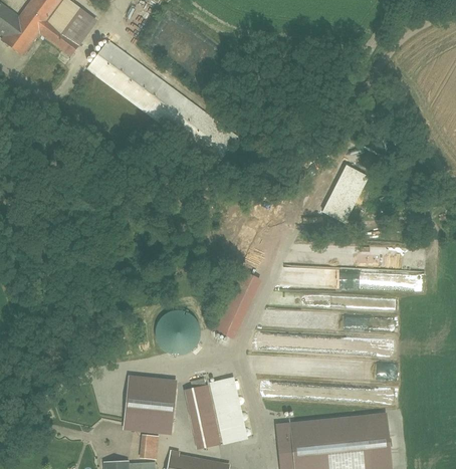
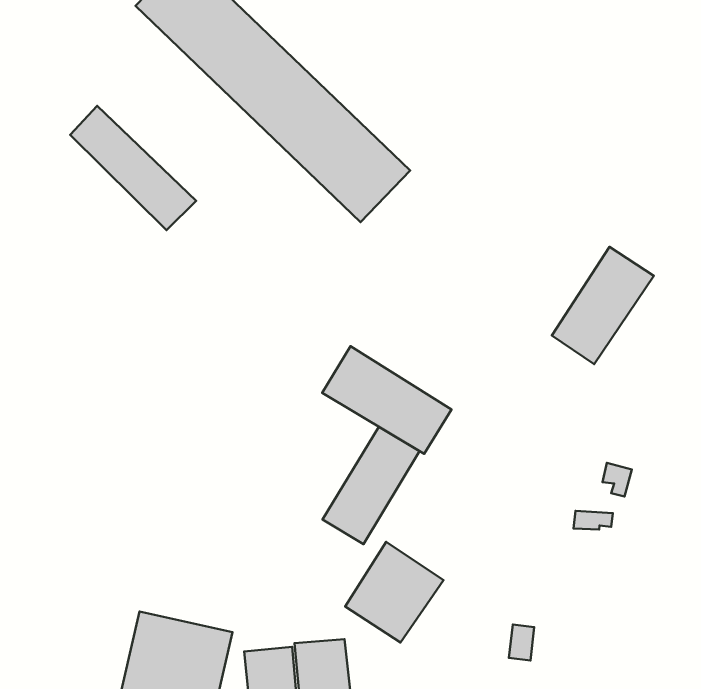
building: none -> [70,106,196,230]
building: none -> [322,346,452,454]
building: [156,309,204,360] -> [345,542,443,643]

